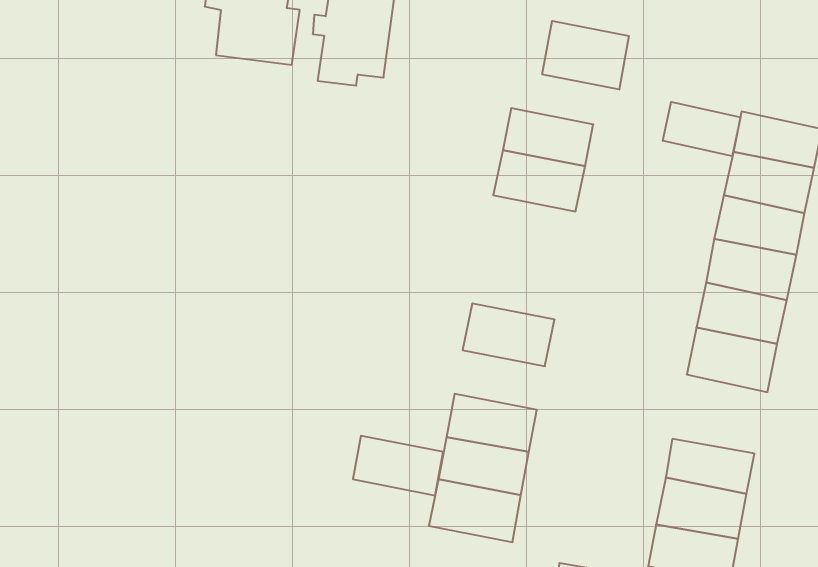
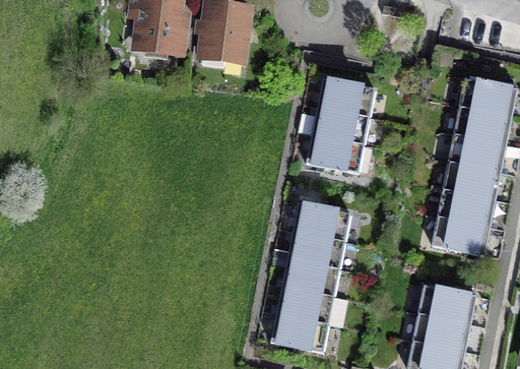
building: [542,21,629,90] -> none
building: [663,102,740,156] -> none
building: none -> [306,133,363,172]
building: [353,436,443,495] -> [286,231,343,268]

